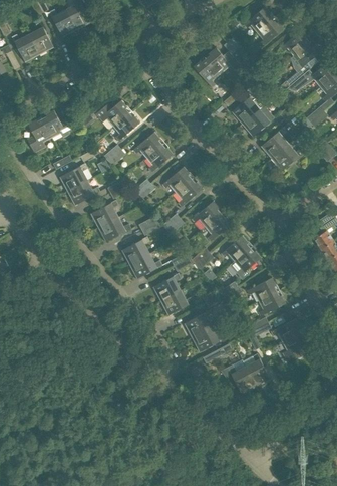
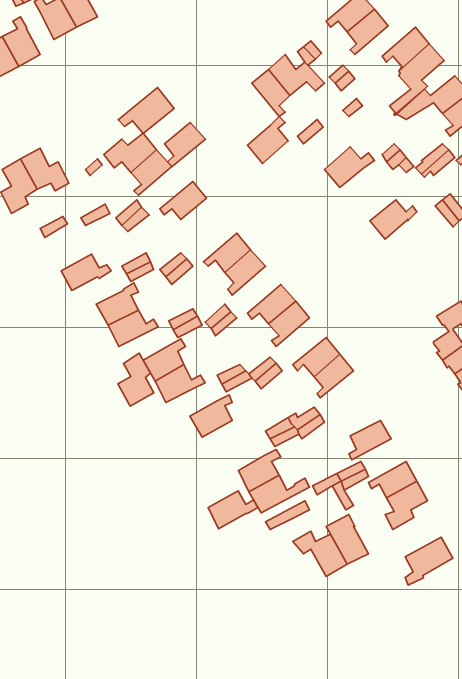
building: none -> [118,87,174,134]
building: [232,92,259,124] -> [247,117,288,163]
building: [261,127,289,158] -> none
building: [146,143,174,172] -> [165,123,205,166]
building: [59,163,87,191] -> none
building: none -> [118,353,154,406]
building: [247,277,279,300] -> none
building: [160,290,194,315] -> [208,491,258,529]
building: none -> [405,537,453,585]

